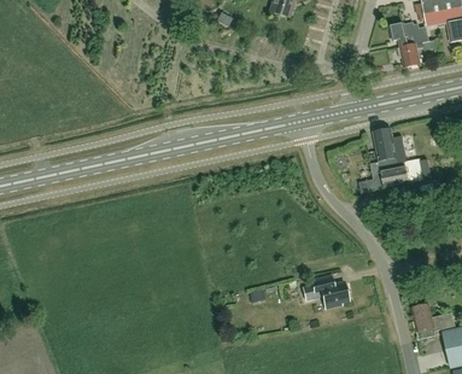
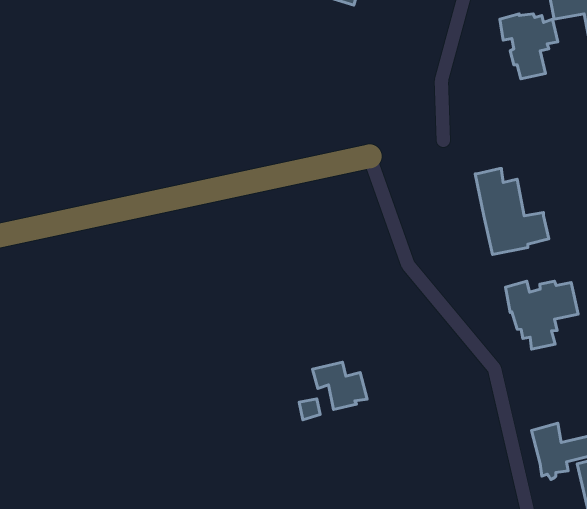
building: none -> [506,281,578,349]
building: [311,274,349,306] -> [313,362,367,410]

